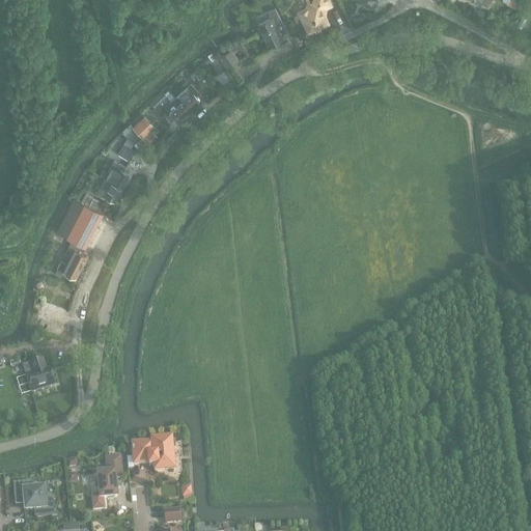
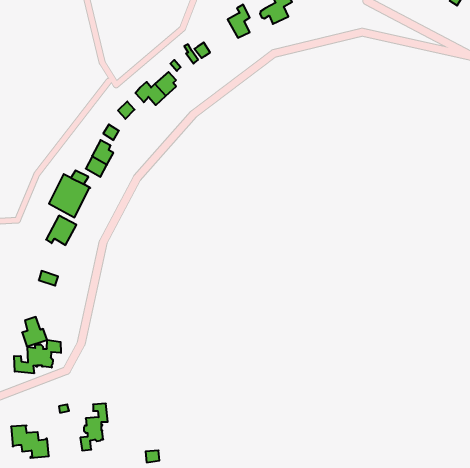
building: none -> [14,340,61,373]
building: [131,437,174,470] -> none

